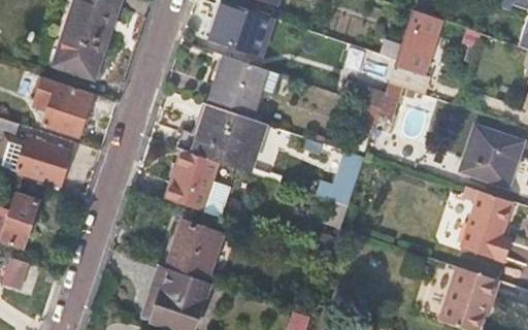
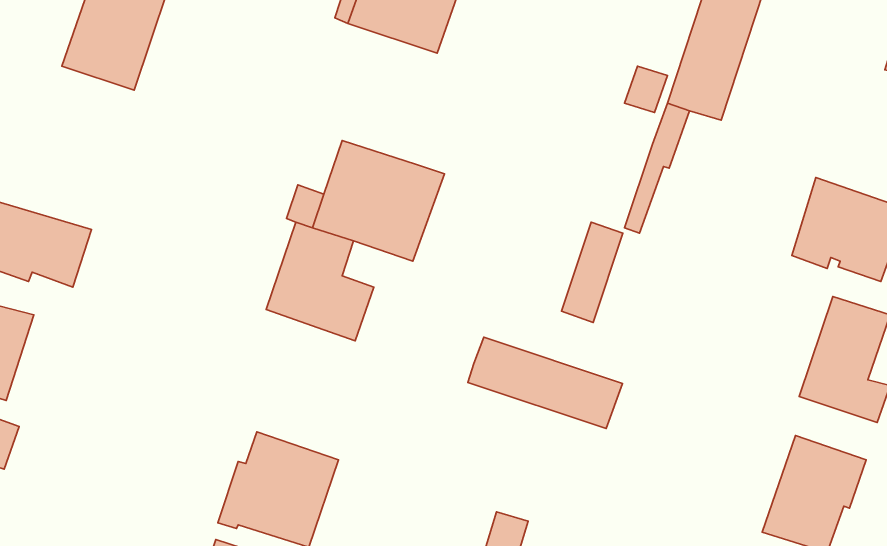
building: [208,55,266,118] -> none
building: [40,79,92,136] -> none
building: none -> [468,337,622,429]
building: [159,220,223,282] -> none

